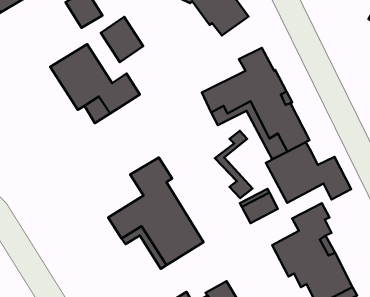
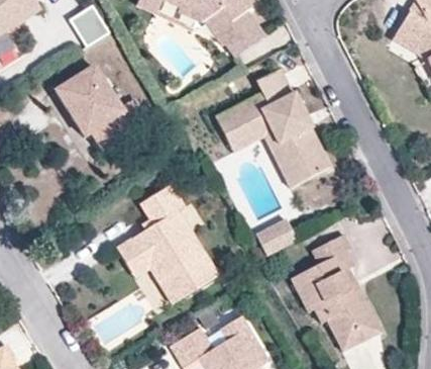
building: [101,17,143,62] -> none
building: [215,131,253,198] -> none
building: [266,142,351,203] -> none

